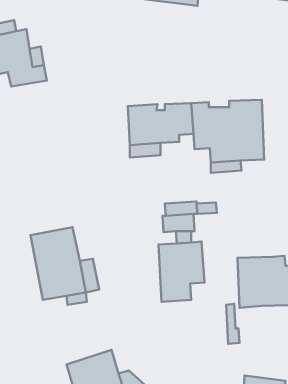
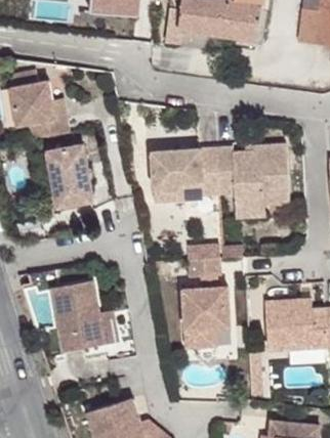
building: none -> [49,137,93,199]

